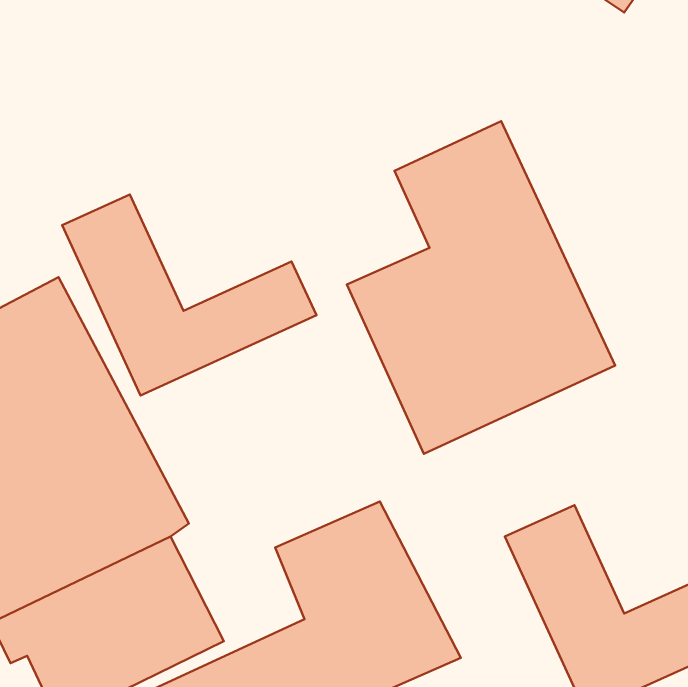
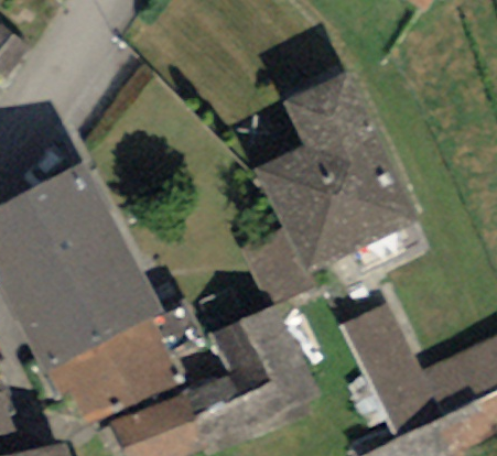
building: [62,194,317,395] -> none

